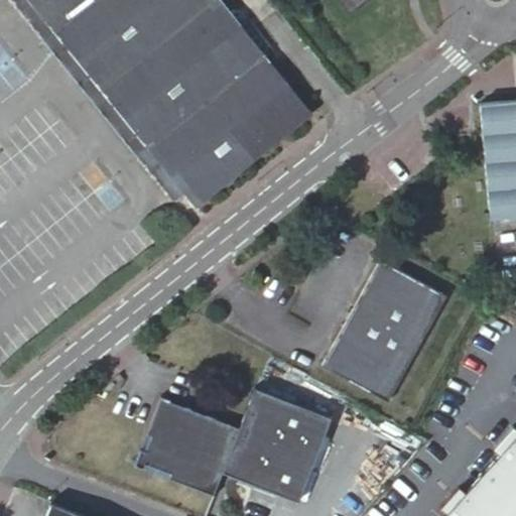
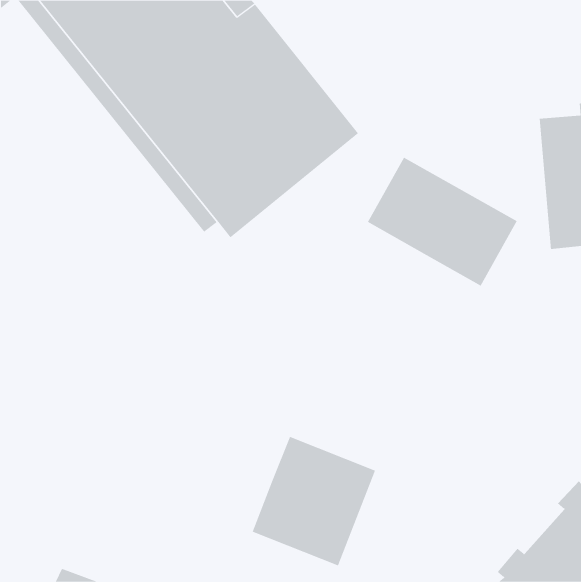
building: none -> [367,157,518,286]
building: [325,259,447,401] -> none
building: [136,396,241,495] -> none

